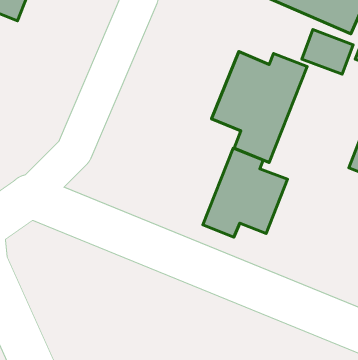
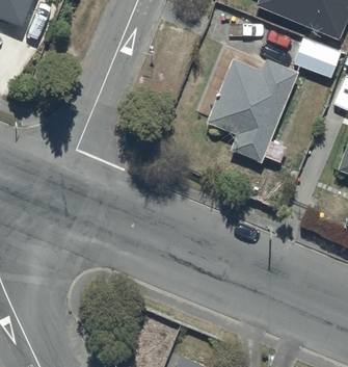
building: [203,148,288,237] -> none

